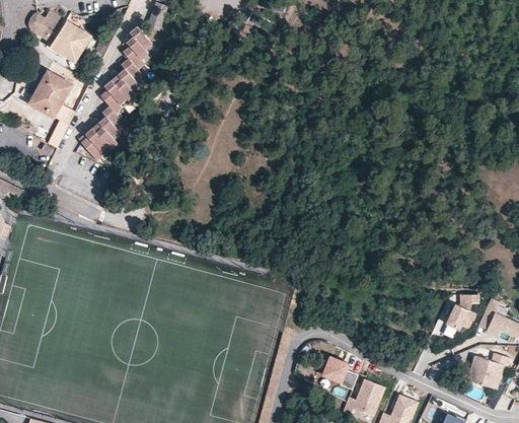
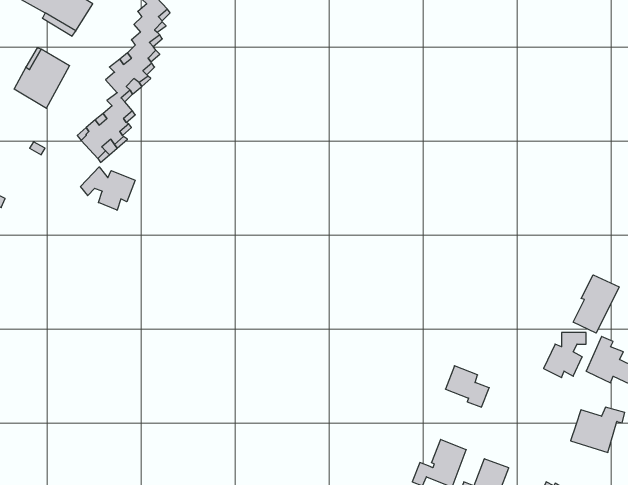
building: none -> [81,167,135,210]
building: none -> [573,275,619,333]
building: [322,357,357,390] -> [445,366,489,407]

